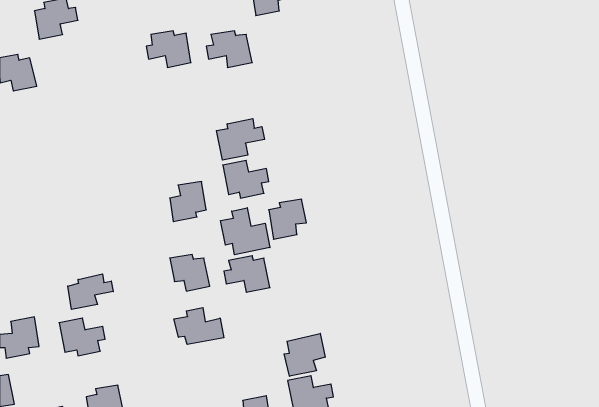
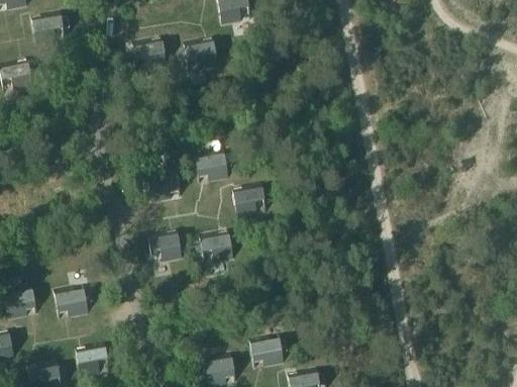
building: [216,119,265,160] -> none
building: [221,208,270,255] -> none
building: [68,274,113,309] -> none
building: [174,308,224,344] -> none
building: [284,333,325,376] -> none

